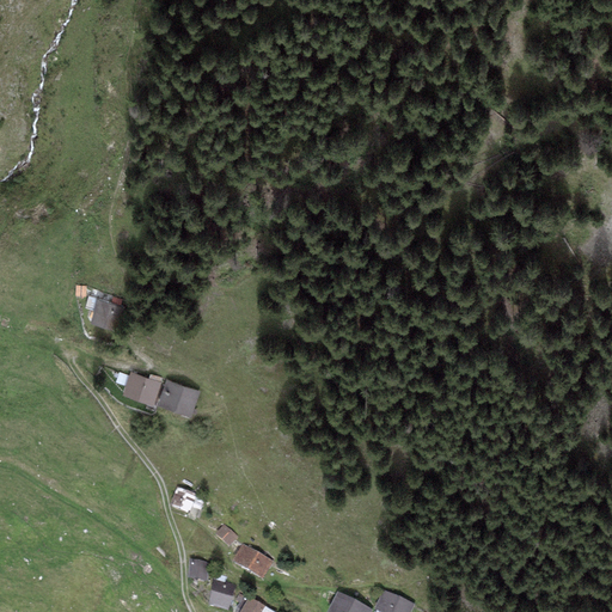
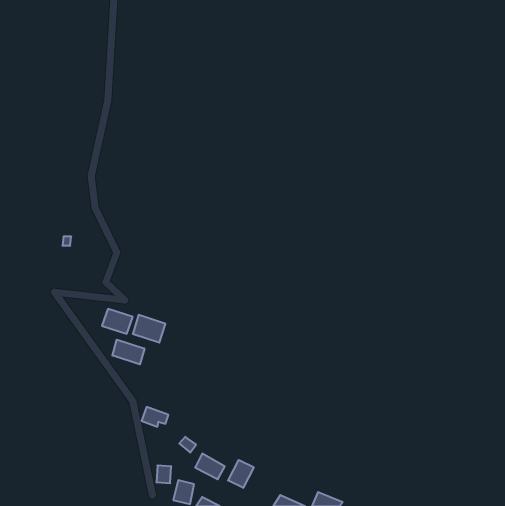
building: [92,300,122,329] -> none
building: none -> [112,340,144,364]
building: none -> [228,460,254,488]

